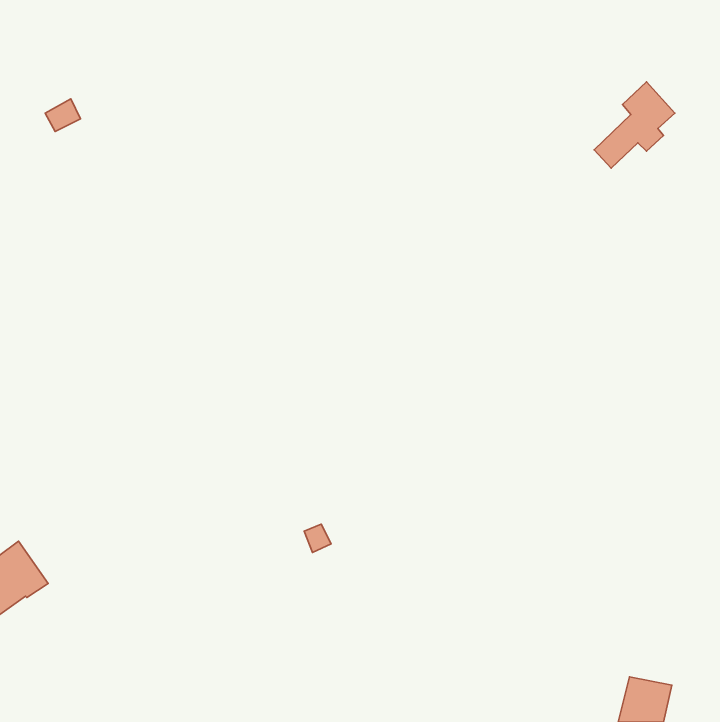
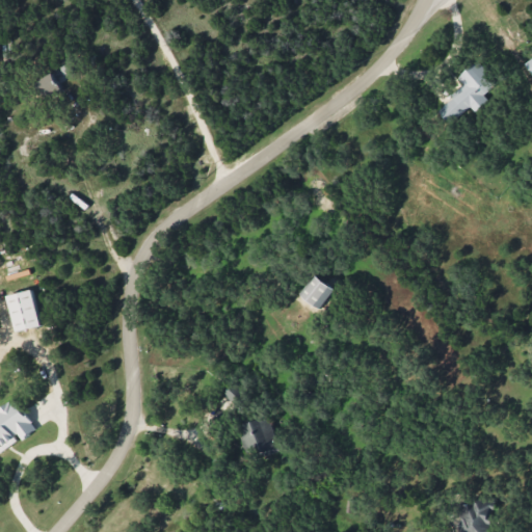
building: none -> [301,276,334,309]
building: none -> [6,289,39,331]
building: none -> [237,416,277,458]

